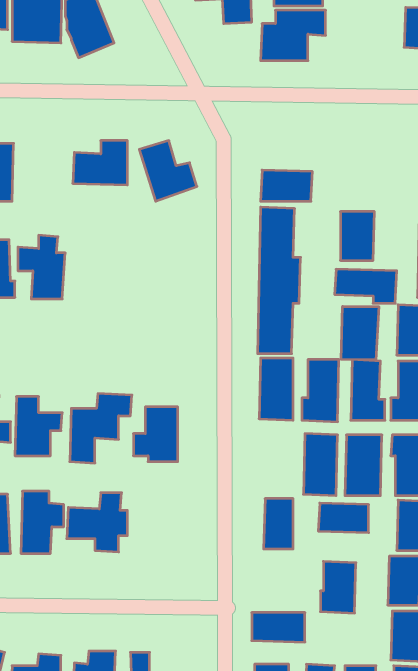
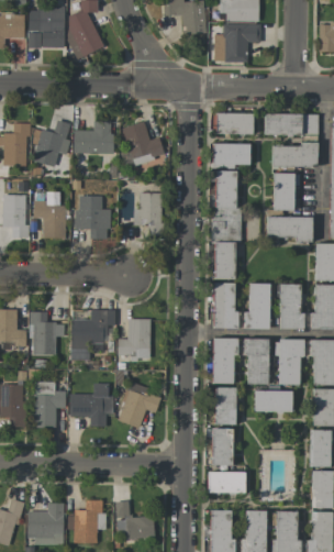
building: none -> [214,113,254,135]
building: none -> [261,113,319,135]
building: none -> [33,120,70,167]
building: none -> [272,144,318,168]
building: none -> [133,192,163,233]
building: none -> [73,196,110,239]
building: [341,306,379,360] -> none
building: none -> [211,338,238,384]
building: none -> [116,383,162,428]
building: [320,561,356,613] -> [207,428,233,466]

